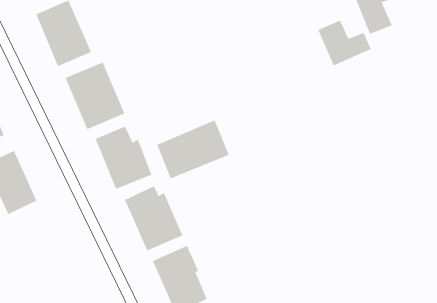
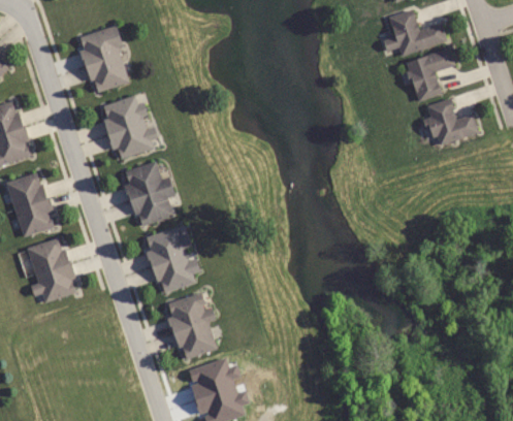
building: [317,20,371,66] -> [424,99,477,145]
building: [156,120,230,179] -> none
building: none -> [26,237,76,302]

